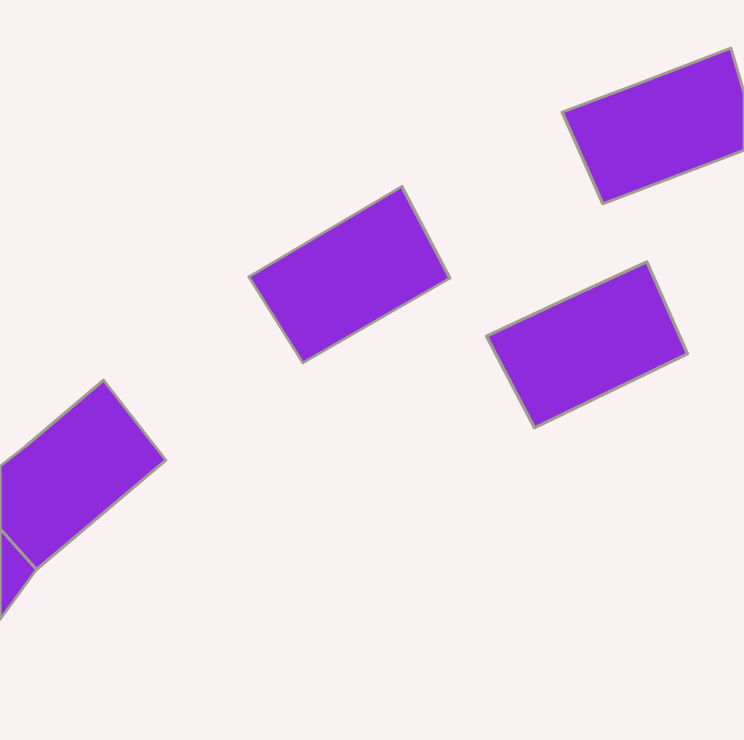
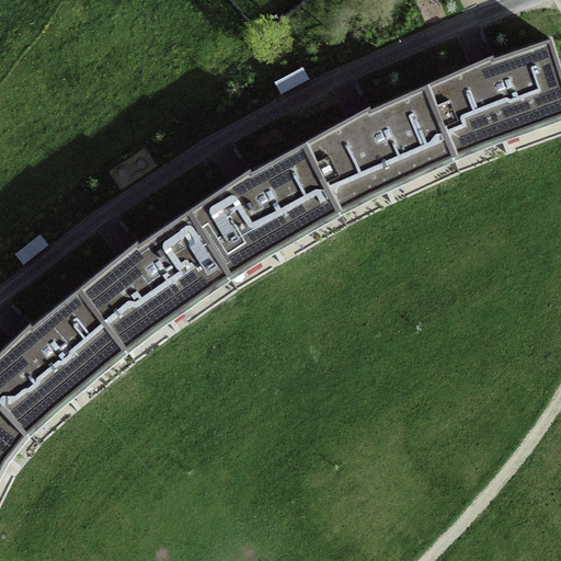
building: [487,262,687,428] -> [302,88,454,213]
building: none -> [78,211,228,350]

